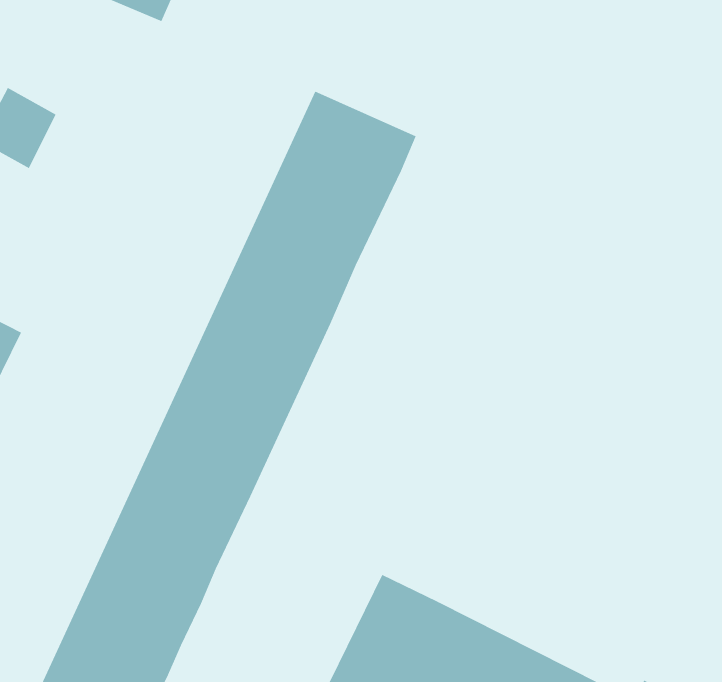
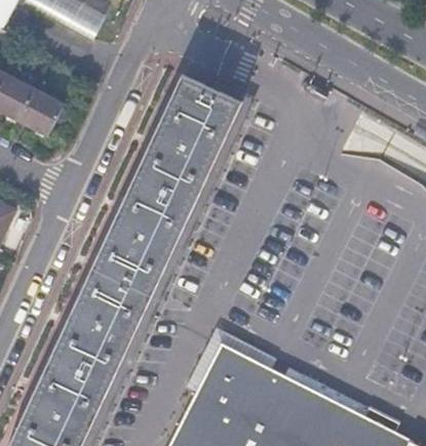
building: none -> [21,88,66,135]

